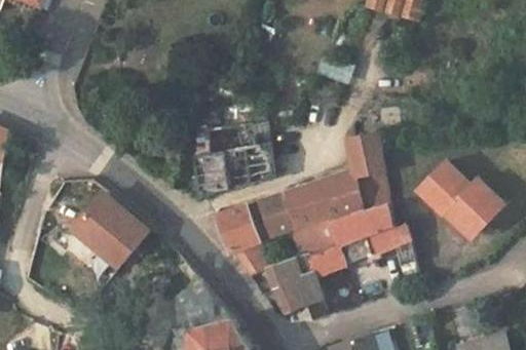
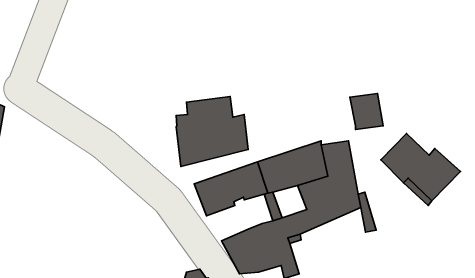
building: [346,134,382,173] -> [350,93,383,130]
building: [69,194,144,268] -> none
building: [228,230,273,277] -> none

